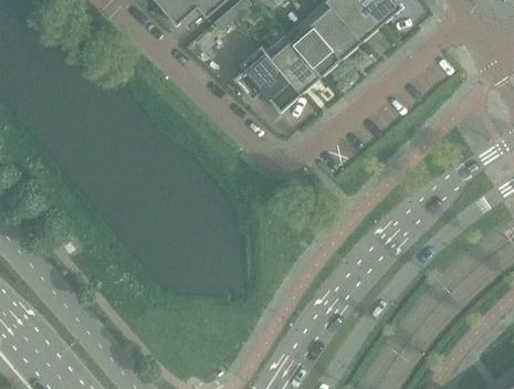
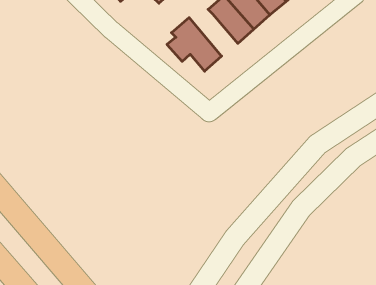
building: [271,41,321,93] -> none

